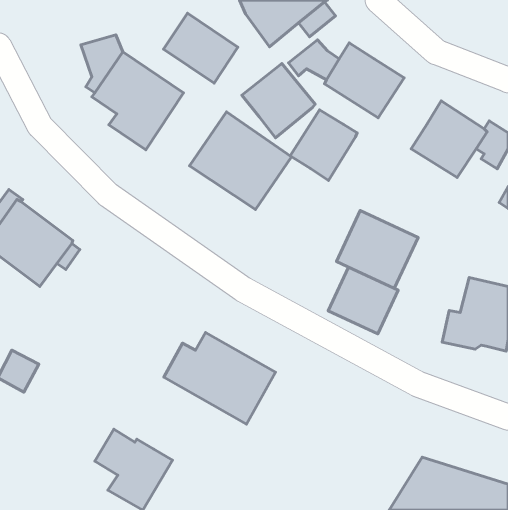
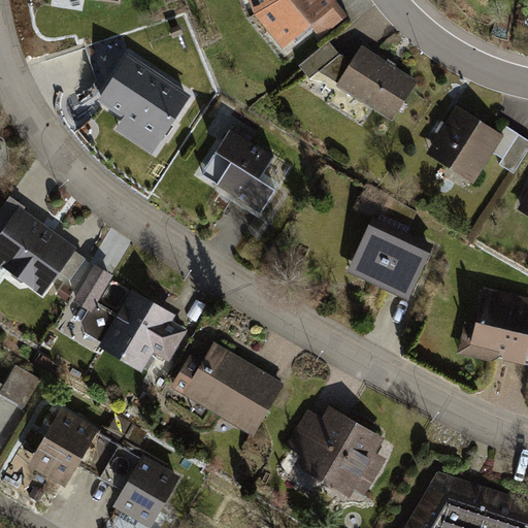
building: [164,13,238,83] -> none
building: [242,63,315,138] -> none
building: [290,110,357,180] -> none
building: none -> [75,256,194,362]
building: [328,267,398,334] -> none
building: none -> [28,406,118,487]
building: none -> [292,409,394,497]

